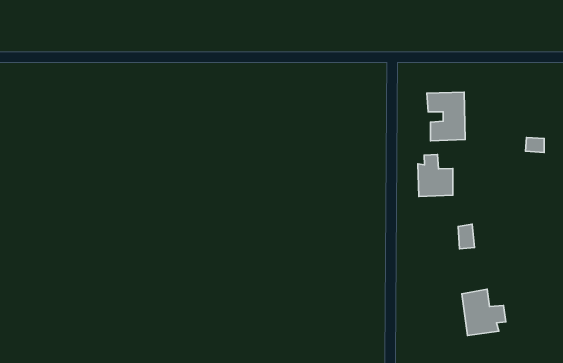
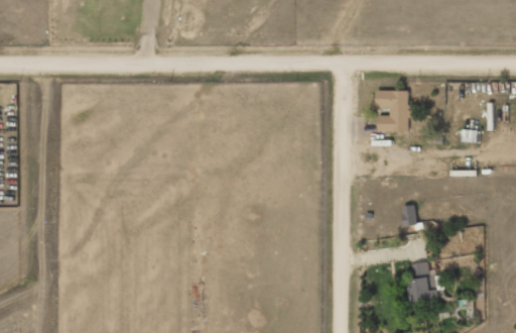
building: [418,155,453,196] -> none

